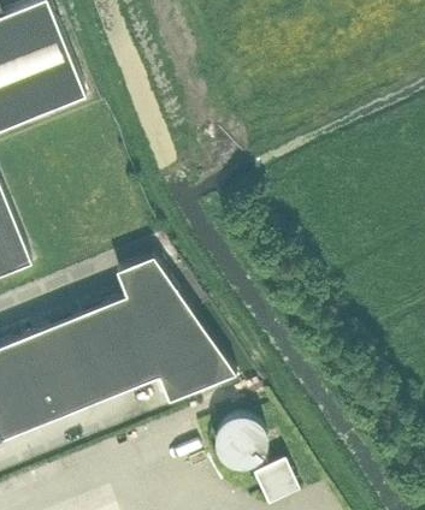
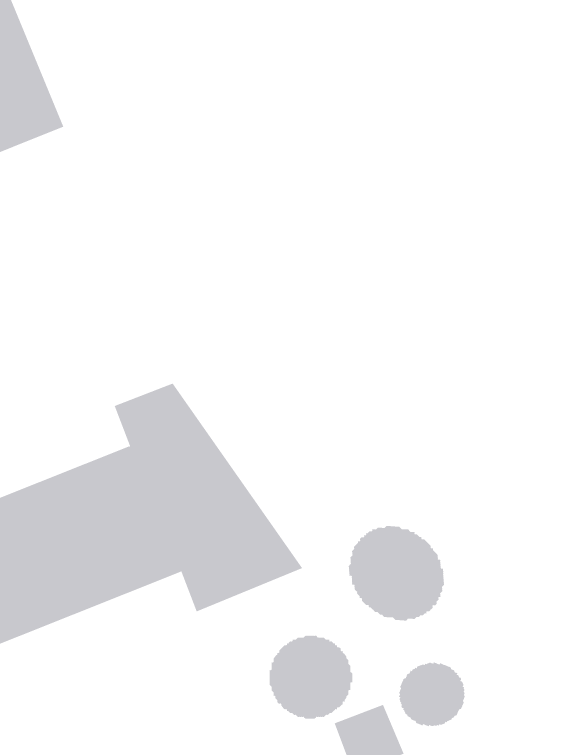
building: none -> [348,525,445,621]
building: none -> [398,662,465,727]

